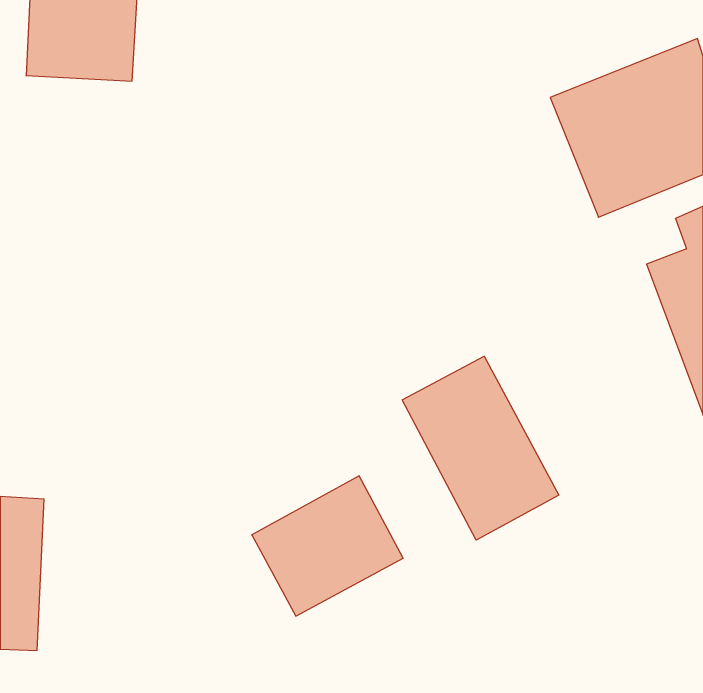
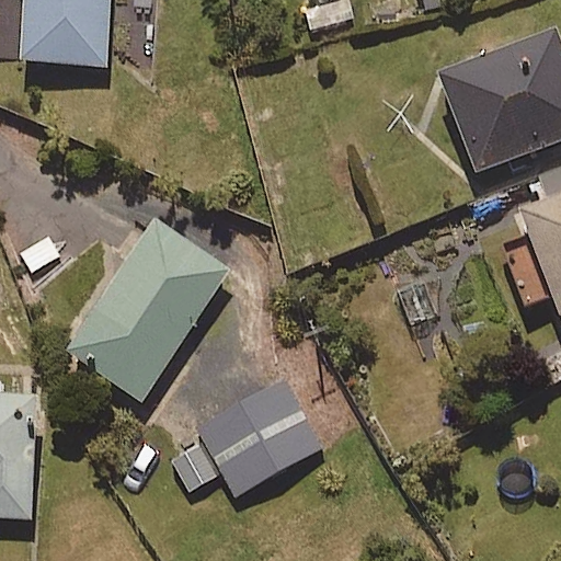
building: none -> [67,220,228,401]
building: [402,356,559,540] -> none

